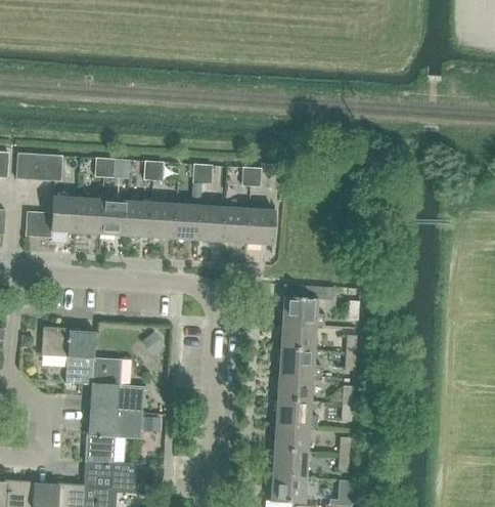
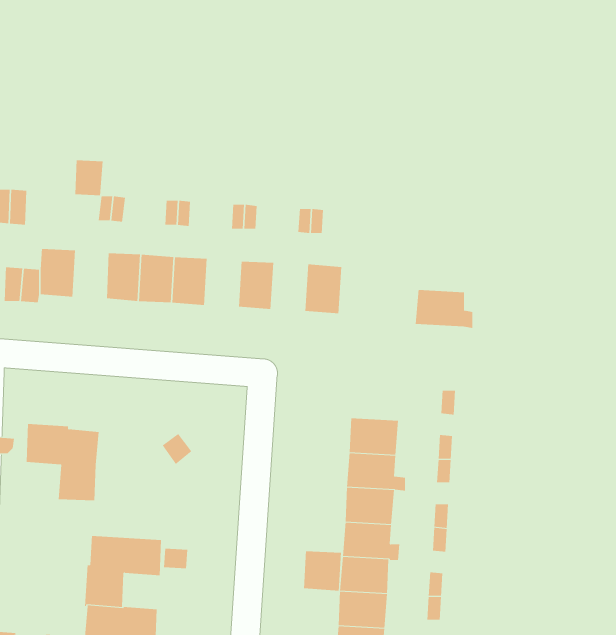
building: [42,154,63,180] -> [74,160,104,196]
building: [77,198,102,234] -> none
building: [174,204,200,240] -> none
building: [223,207,250,243] -> none
building: [281,296,324,325] -> [415,290,473,328]
building: [90,356,144,412] -> none
building: none -> [304,551,341,591]

